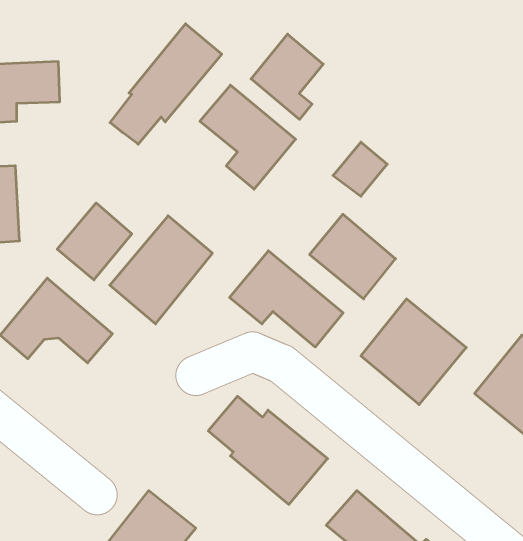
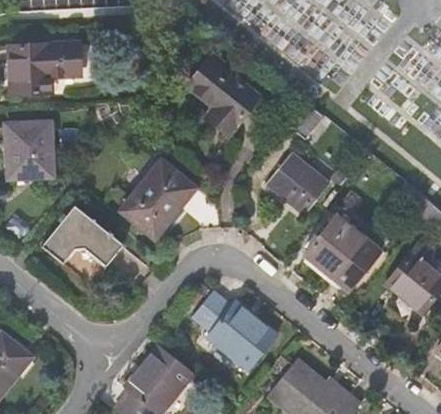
building: [110,24,222,144] -> none
building: [251,34,323,119] -> none
building: [57,203,132,280] -> none
building: [230,251,343,347] -> none

